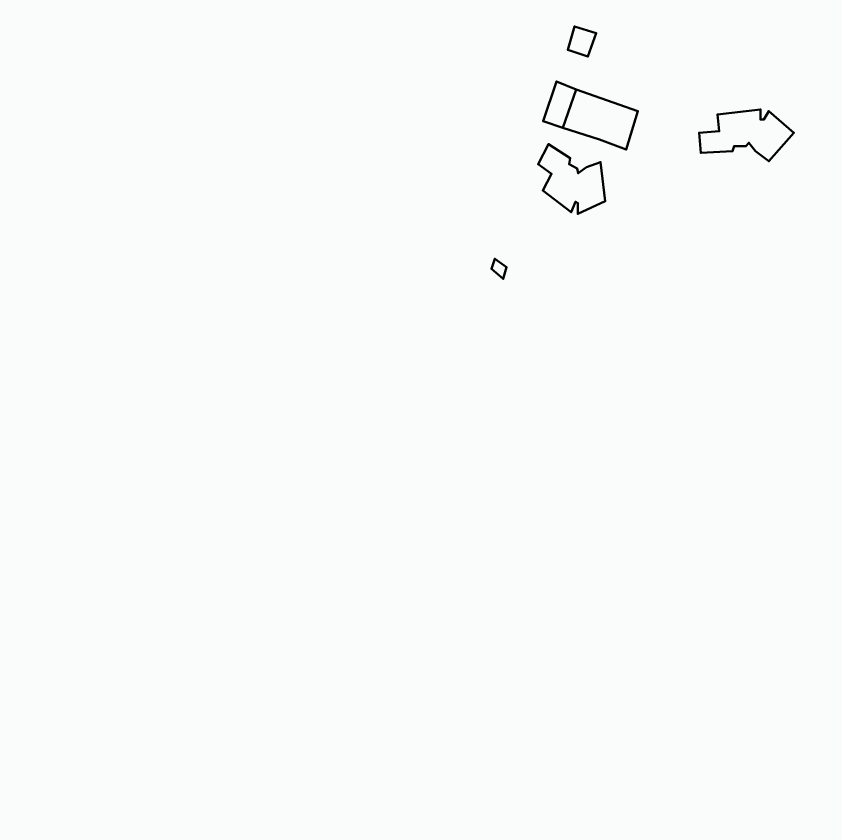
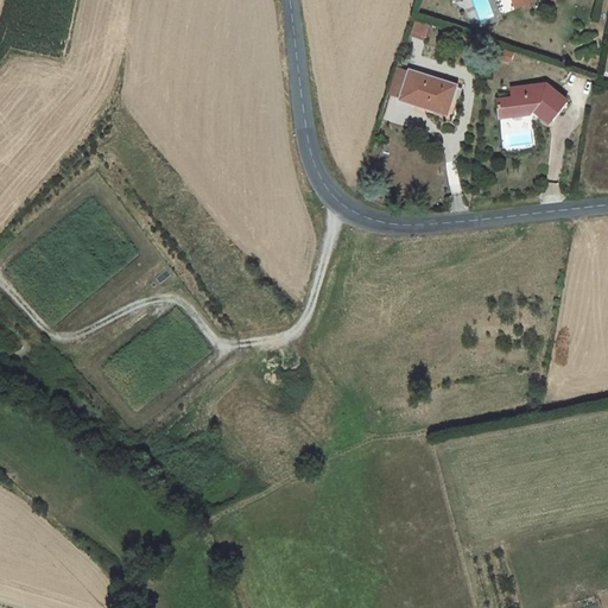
building: [538,144,605,214] -> none

